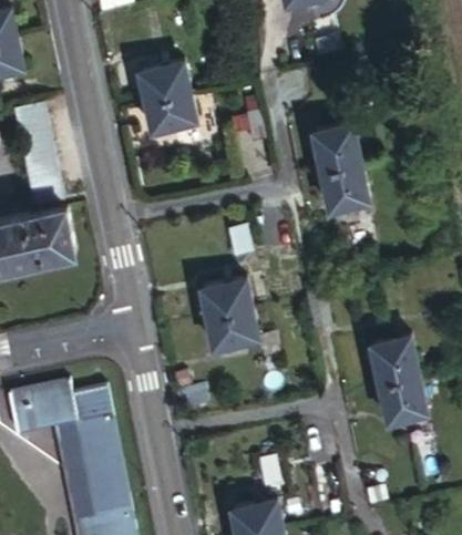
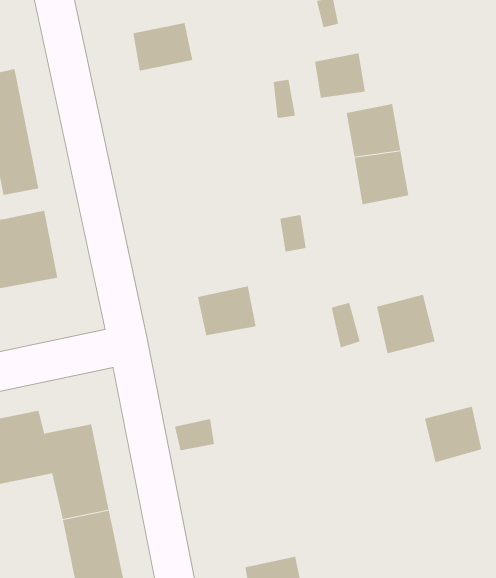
building: none -> [314,52,366,99]
building: [145,92,194,127] -> none
building: [199,310,248,348] -> none
building: [370,337,419,385] -> [376,294,435,354]

